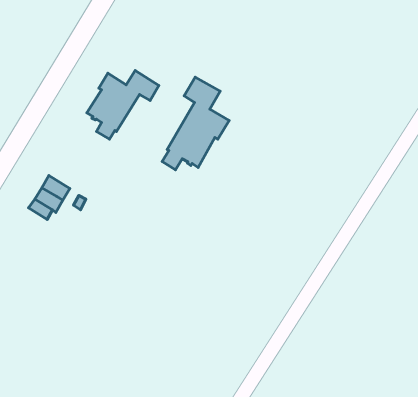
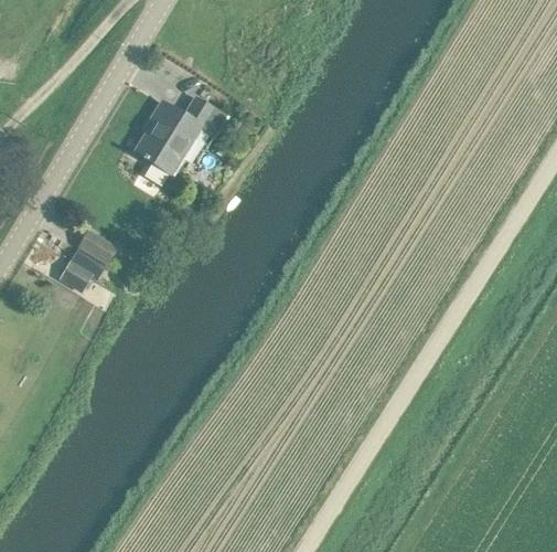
building: [162,77,229,170] -> none

